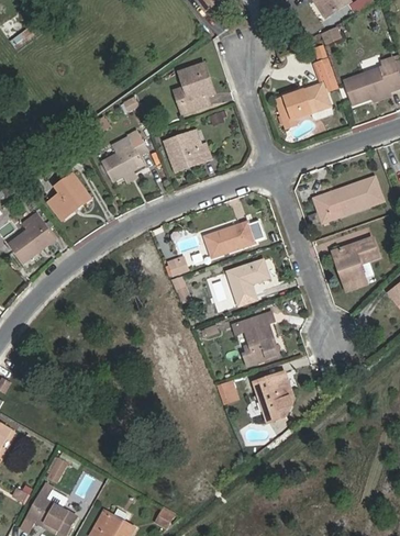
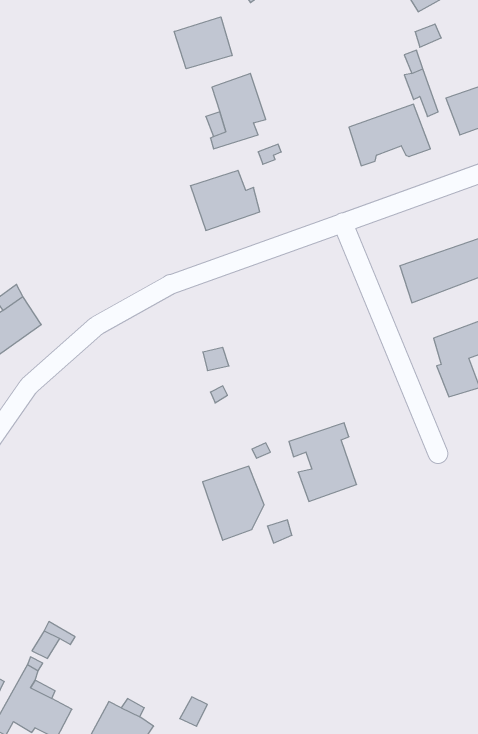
building: none -> [174,17,232,69]
building: [100,130,148,181] -> none
building: [46,172,92,222] -> none
building: [203,220,256,258] -> none
building: [225,257,270,305] -> none
building: [252,370,296,423] -> [203,466,264,540]

